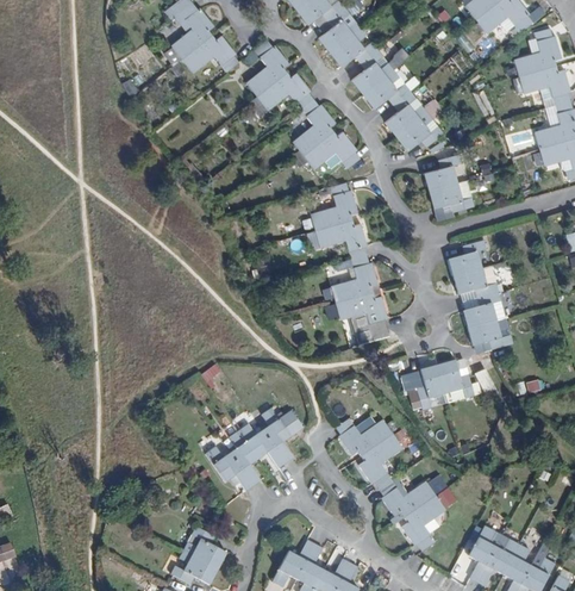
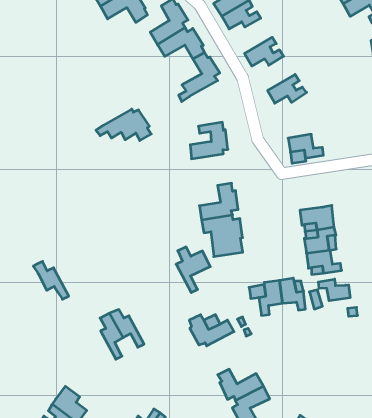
building: [351,49,394,94] -> none
building: [385,92,427,136] -> none
building: [294,131,362,169] -> [96,109,151,141]
building: [424,154,462,191] -> none
building: [314,219,367,259] -> none
building: [449,239,486,276] -> none
building: none -> [318,279,350,301]
building: [262,408,304,462] -> [176,247,210,293]
building: [358,434,402,489] -> none
building: [205,447,252,490] -> [33,261,69,299]

